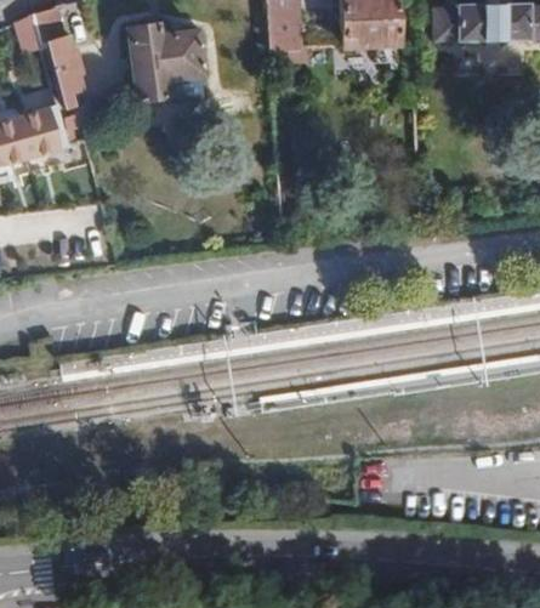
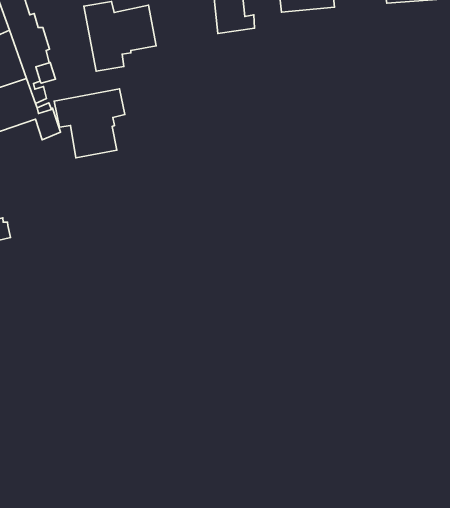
building: none -> [54,89,125,158]

